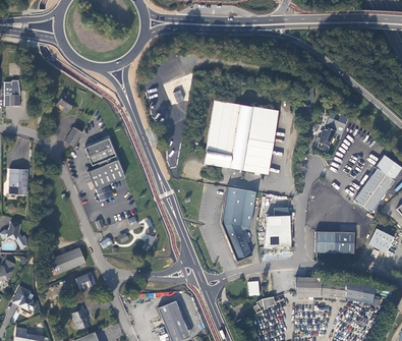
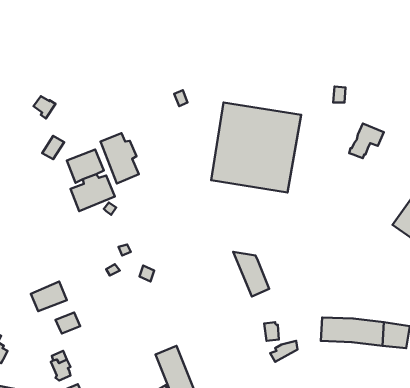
building: none -> [100,133,139,183]
building: [222,185,254,229] -> none
building: [266,215,290,245] -> none
building: [314,230,353,252] -> none

